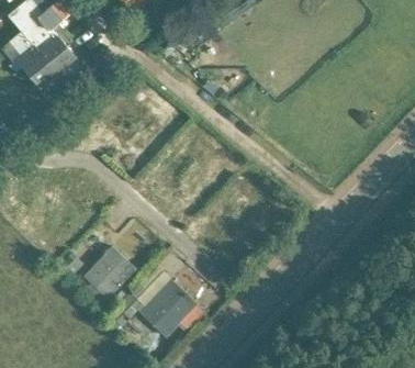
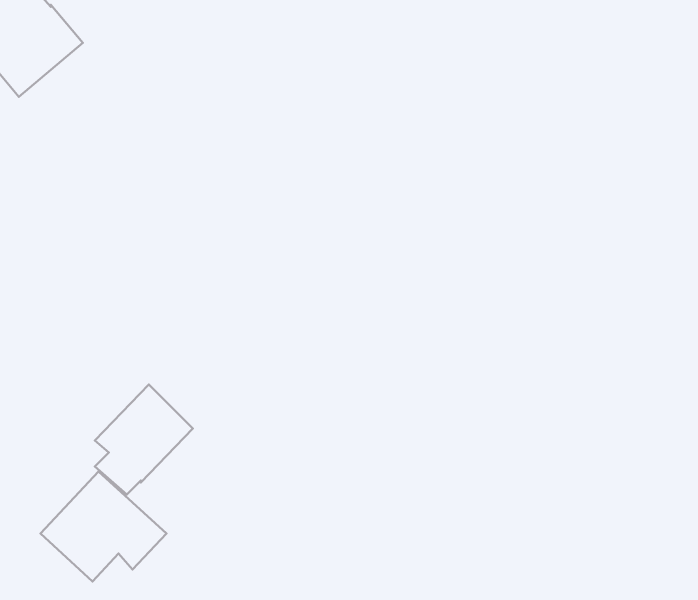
building: [137,278,206,338] -> [40,472,166,582]

